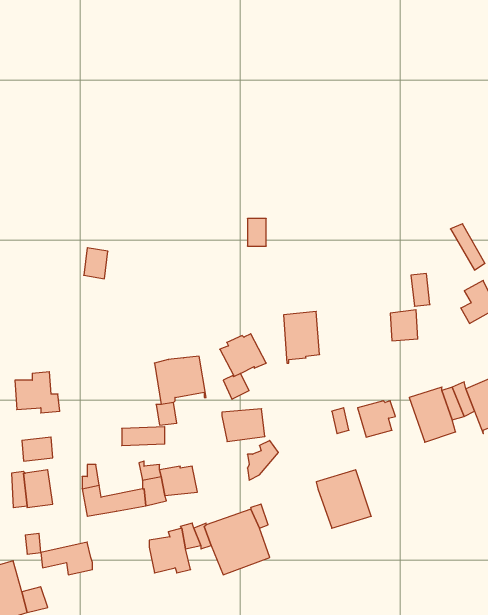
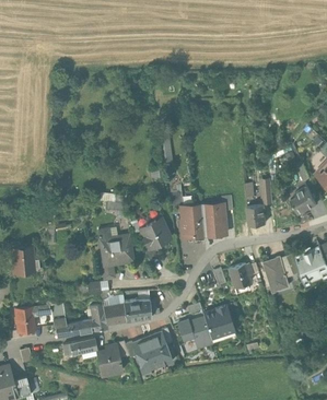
building: none -> [202,203,225,234]
building: [222,409,265,442] -> [124,298,151,319]
building: none -> [177,317,212,346]
building: [41,542,92,575] -> [63,337,96,357]

